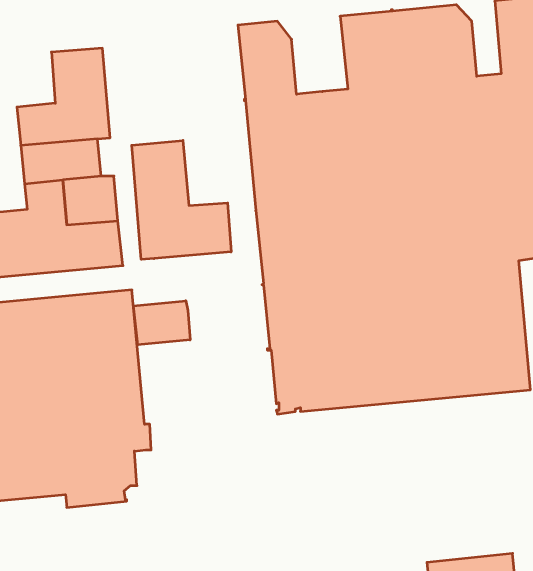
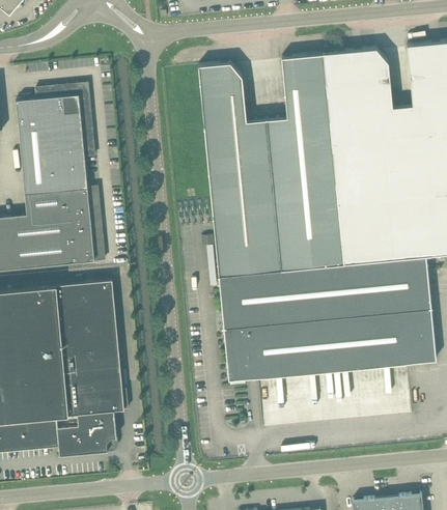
building: none -> [16,88,50,133]
building: [132,140,231,259] -> none
building: [133,301,190,345] -> none

